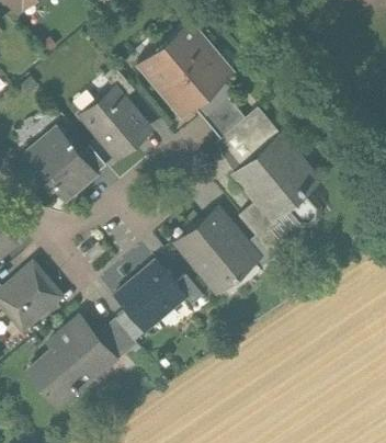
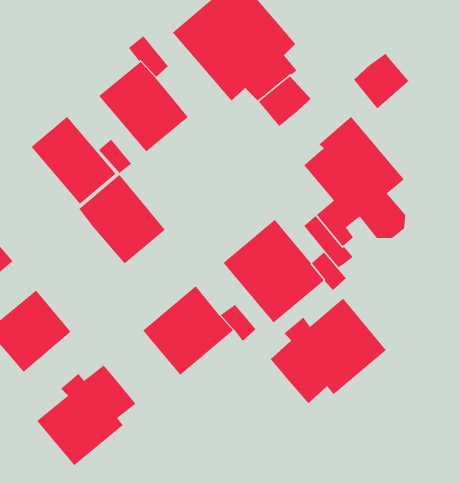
building: [232,109,276,152] -> [353,53,410,109]
building: none -> [78,174,166,265]
building: none -> [270,298,387,404]
building: [95,319,136,359] -> none

